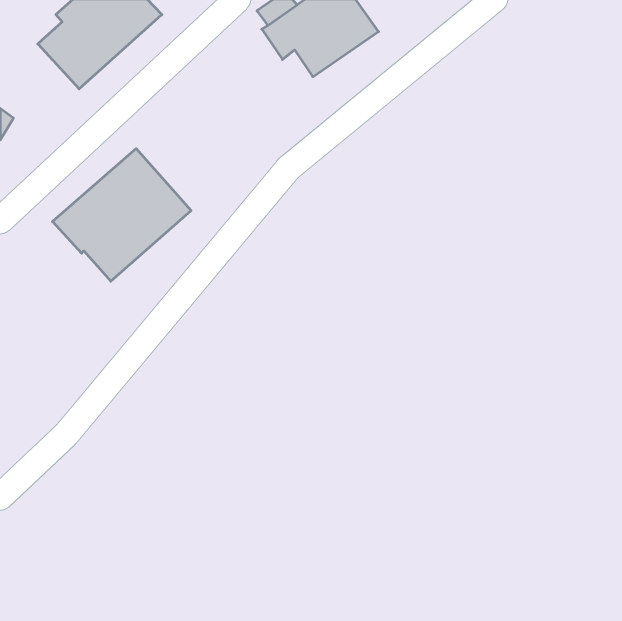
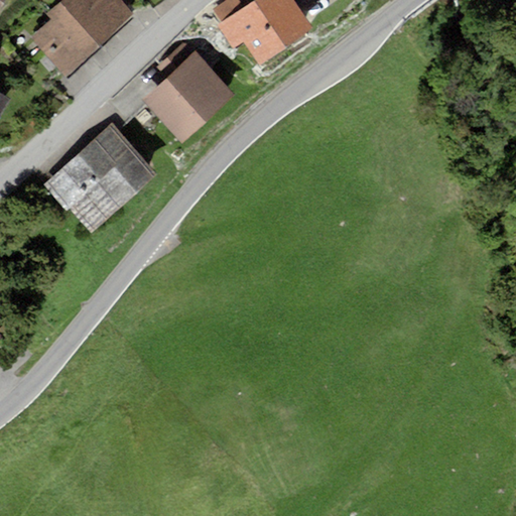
building: none -> [141,41,236,143]

